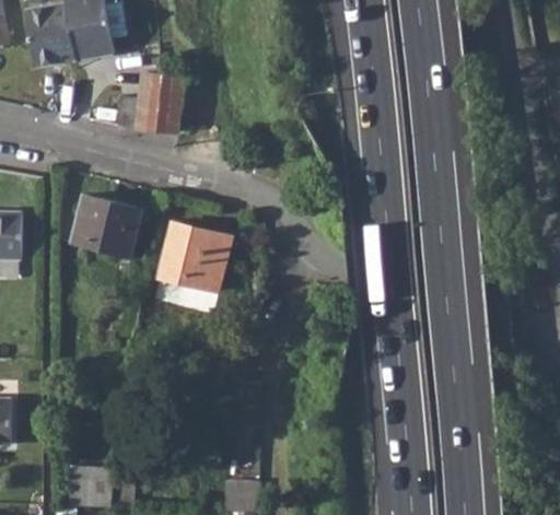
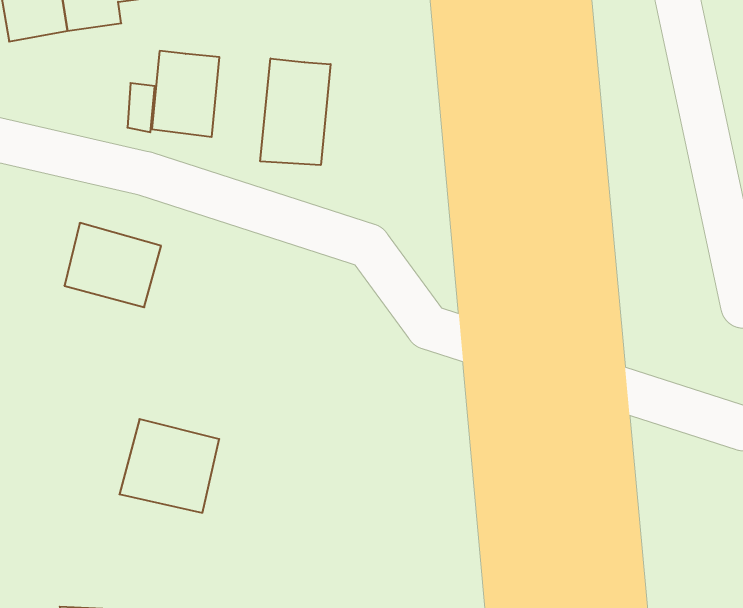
building: none -> [260,58,331,165]
building: [159,222,230,289] -> [119,419,219,513]

